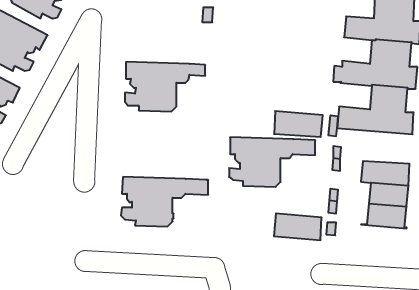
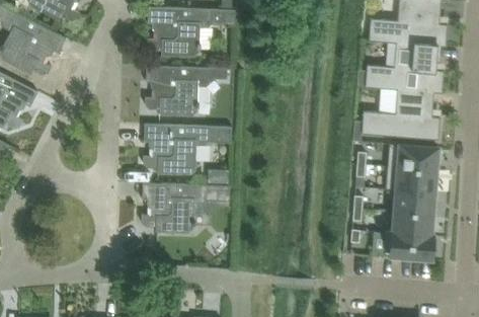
building: none -> [147,6,213,57]
building: [274,111,323,137] -> [388,143,437,169]
building: [229,137,315,187] -> [143,124,231,174]
building: [274,213,322,240] -> [384,231,432,258]

